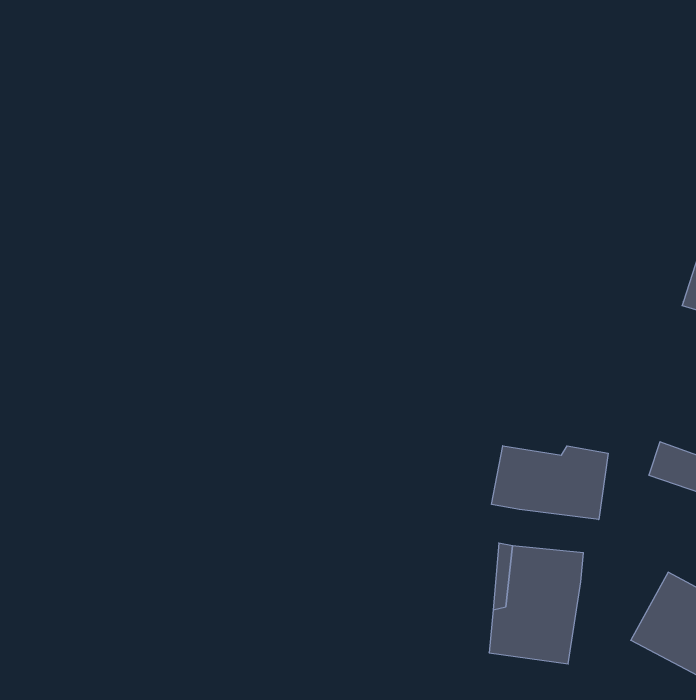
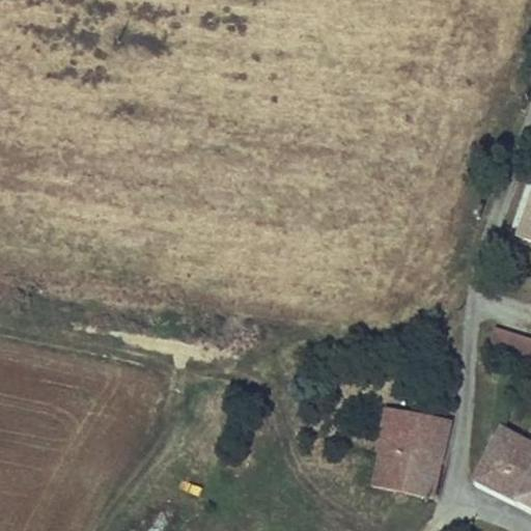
building: [492,446,608,520] -> none

